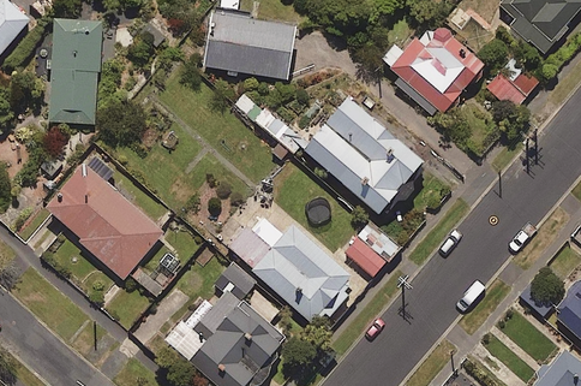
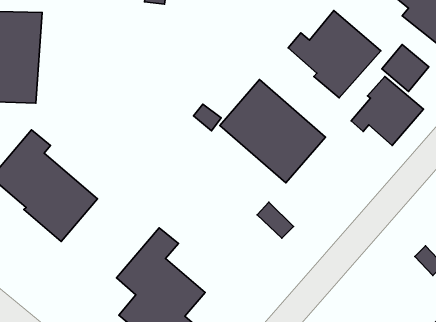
building: [204,13,294,78] -> none
building: none -> [351,77,424,146]
building: [228,213,359,328] -> none

